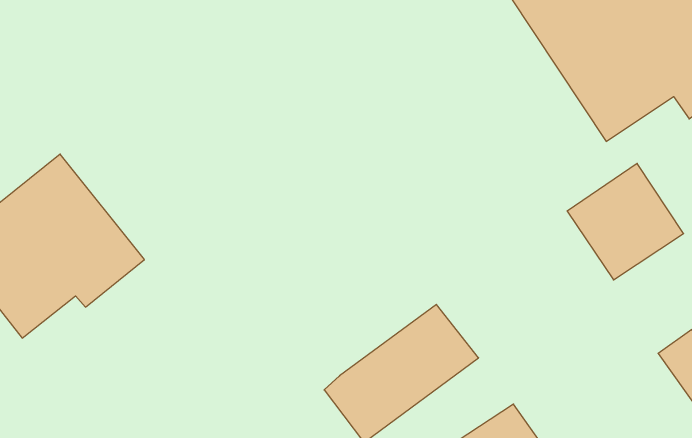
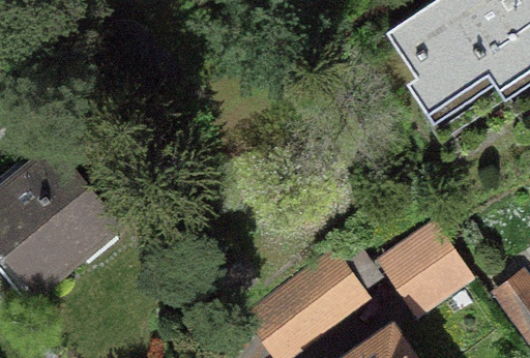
building: [567,163,684,280] -> [384,226,470,311]

